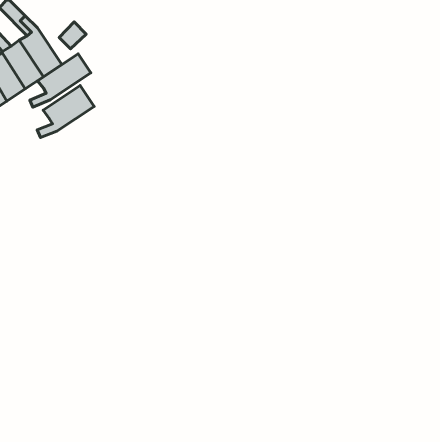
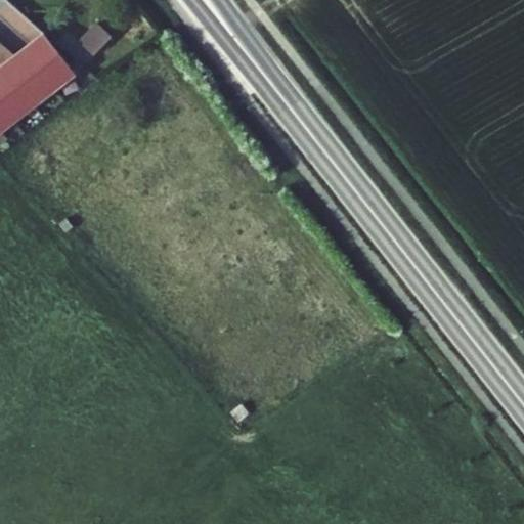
building: [30,54,91,107] -> none
building: [37,85,94,137] -> none

